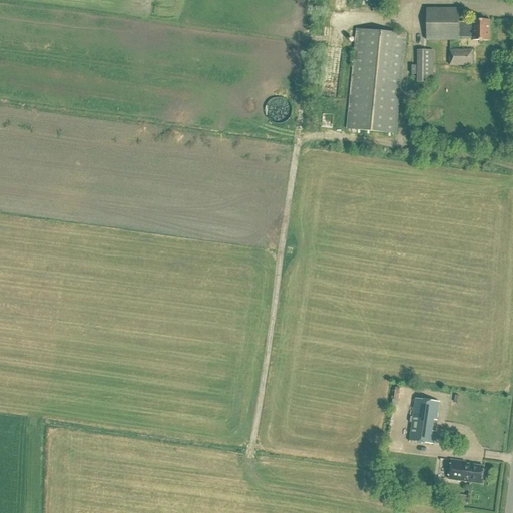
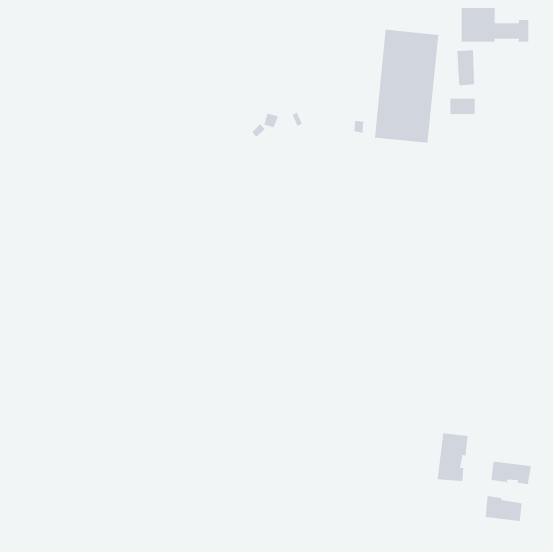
building: [448,49,472,64] -> [450,98,476,115]
building: none -> [491,461,531,485]

